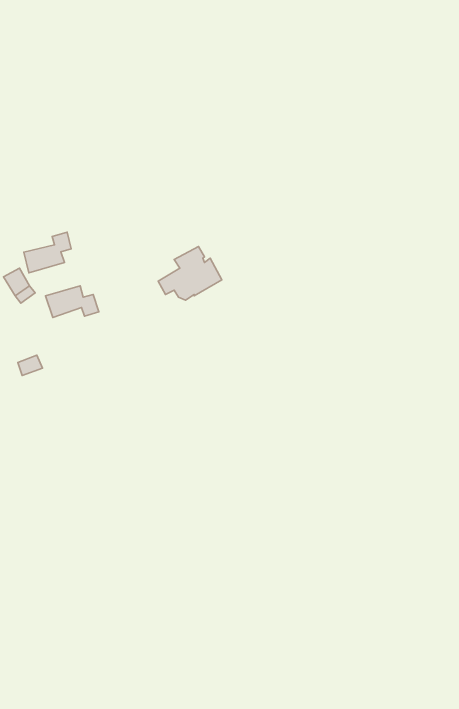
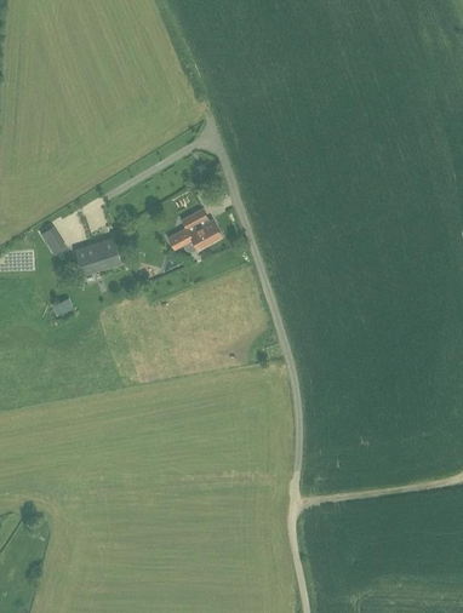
building: [24,232,71,273] -> none

